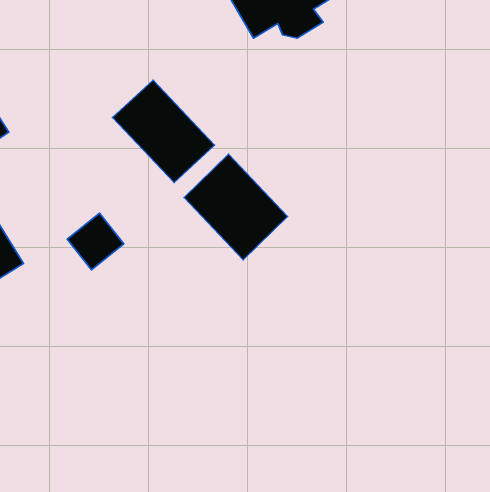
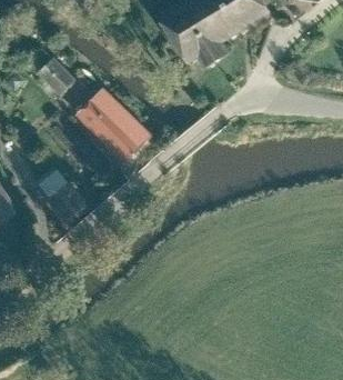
building: none -> [36,56,72,92]
building: [184,154,288,260] -> none

